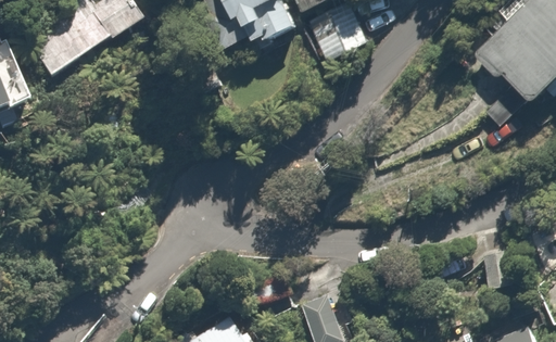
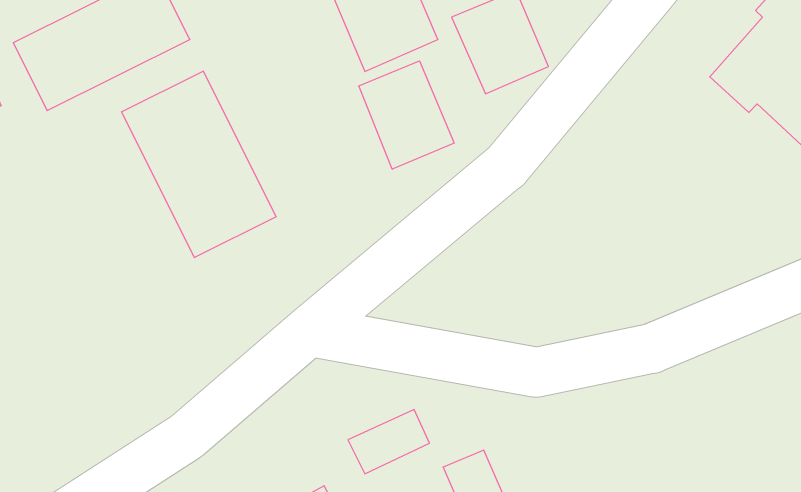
building: none -> [359,61,454,169]
building: none -> [122,71,276,258]

